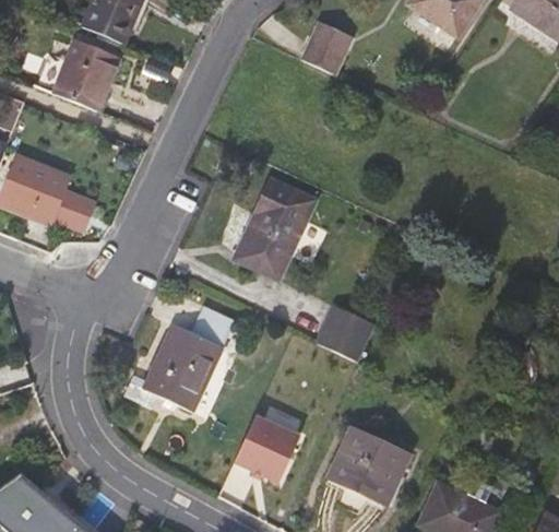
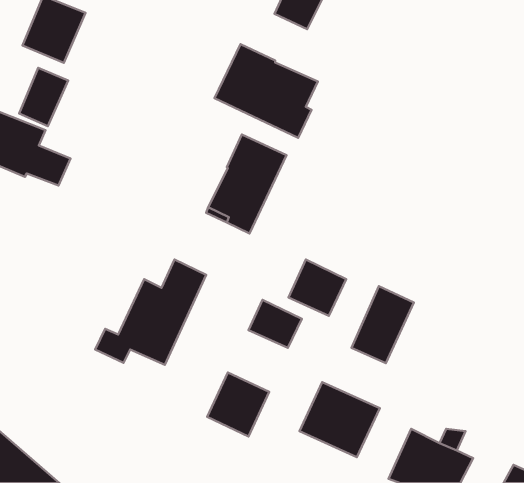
building: none -> [215,44,318,138]
building: none -> [19,68,68,126]
building: none -> [351,286,414,363]
building: none -> [249,300,302,348]

